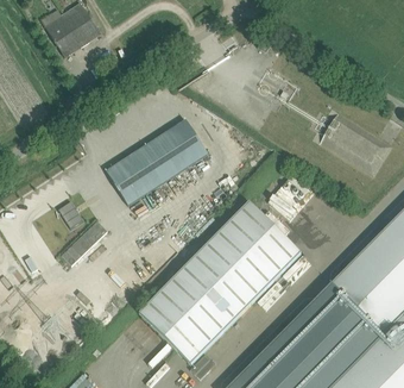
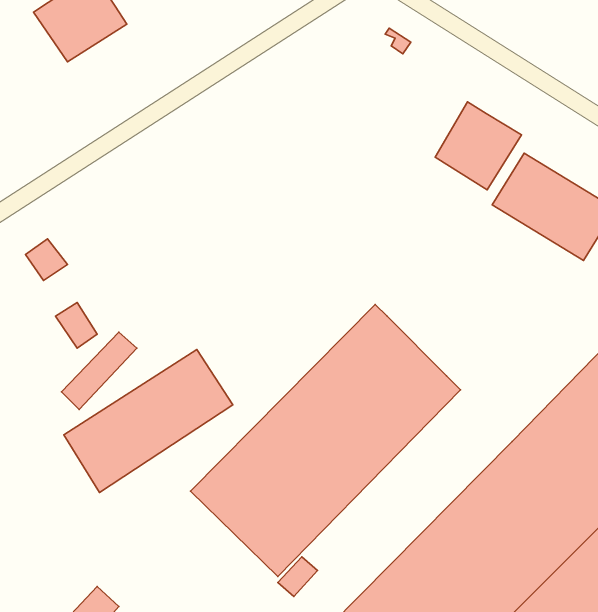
building: none -> [435,102,521,190]
building: [106,119,207,205] -> [64,349,233,492]

